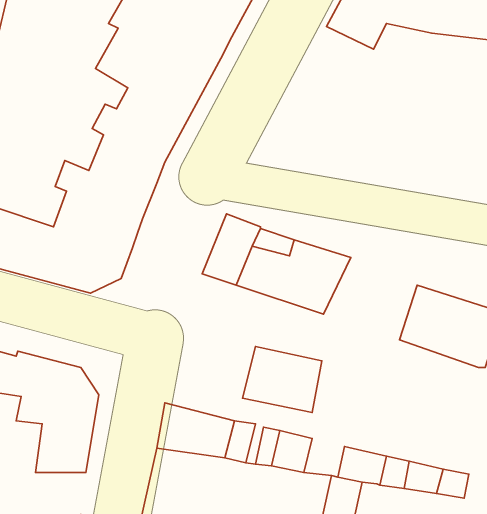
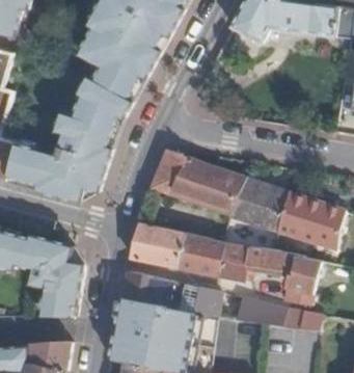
building: none -> [226,177,287,230]
building: none -> [127,223,183,267]
building: none -> [219,243,319,303]

